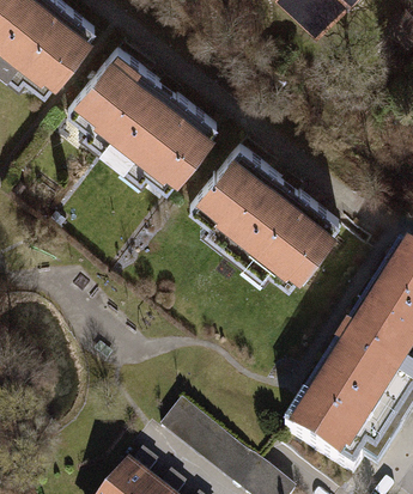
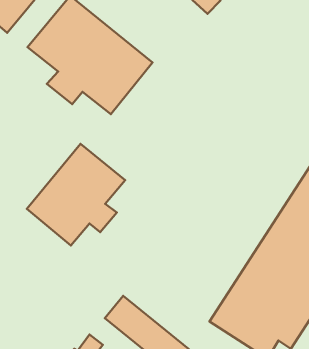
building: [192,138,339,278] -> none
building: none -> [27,144,125,245]

